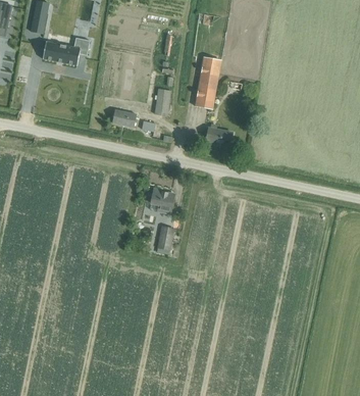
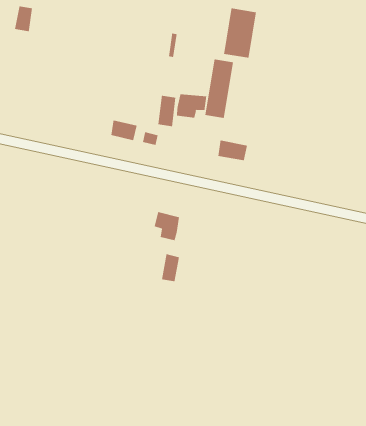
building: none -> [223,8,257,58]
building: [42,37,89,65] -> none
building: none -> [176,93,207,118]

